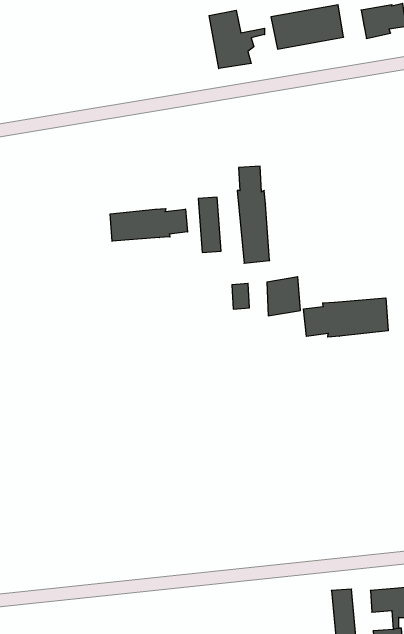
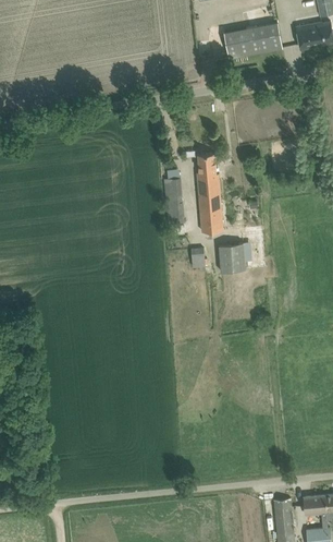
building: [209,10,265,69] -> none
building: [110,209,188,241] -> none
building: [304,298,388,337] -> none

